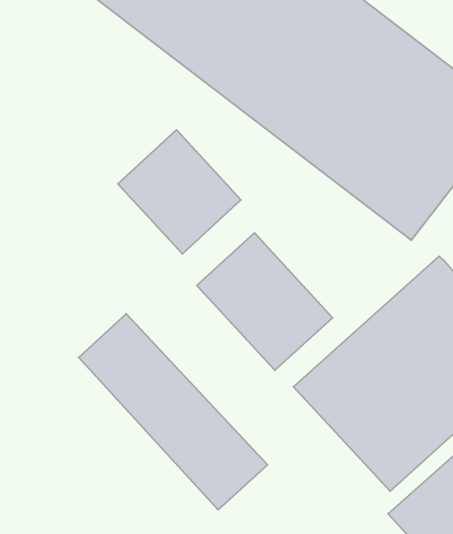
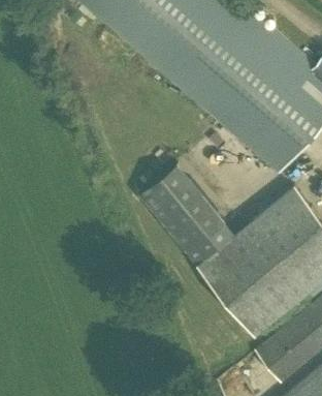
building: [118,130,241,254] -> none
building: [79,314,267,510] -> none

